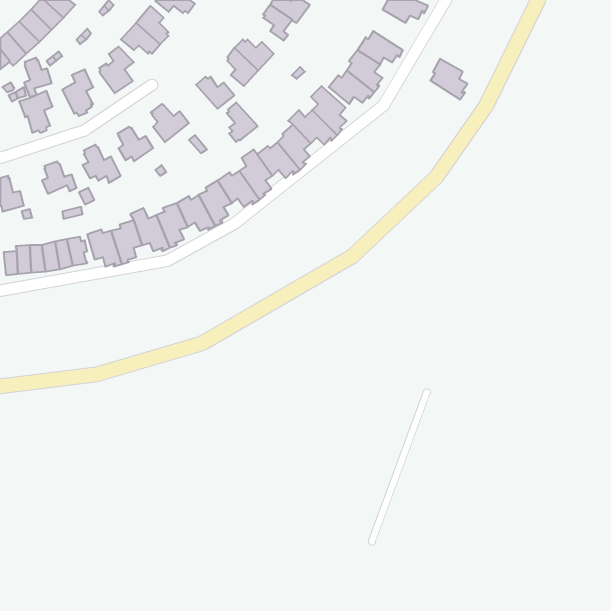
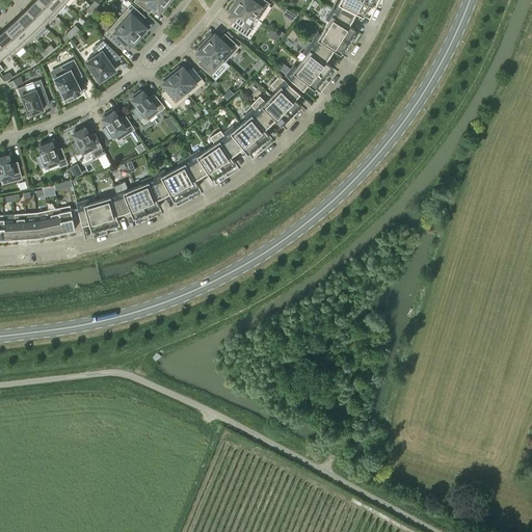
building: [24,57,52,97] -> none
building: [430,59,467,99] -> [324,8,356,44]
building: [227,102,258,142] -> [162,74,189,108]

